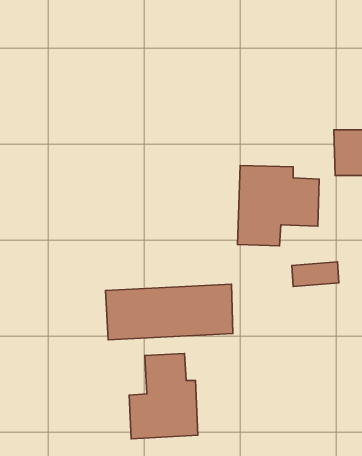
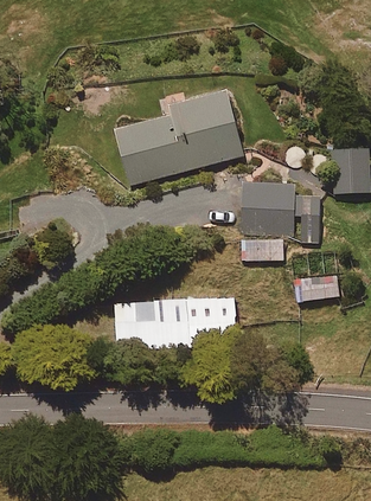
building: none -> [114,90,242,182]
building: [129,354,198,439] -> none

